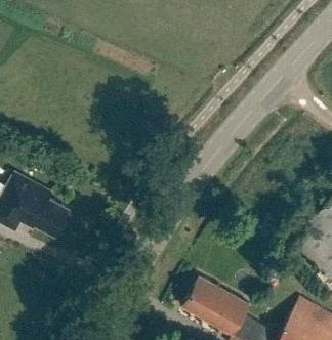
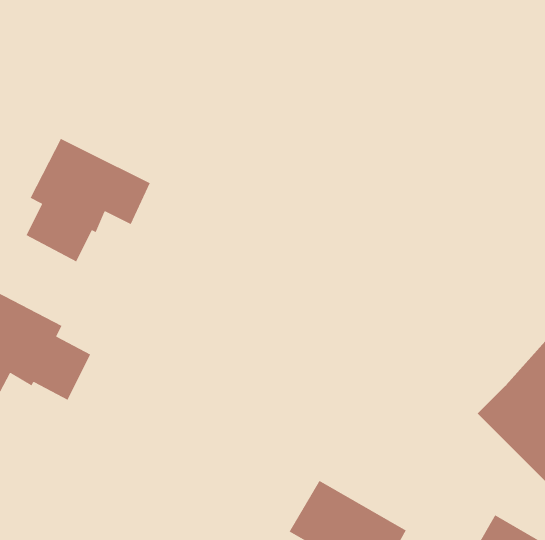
building: none -> [26,138,151,262]

